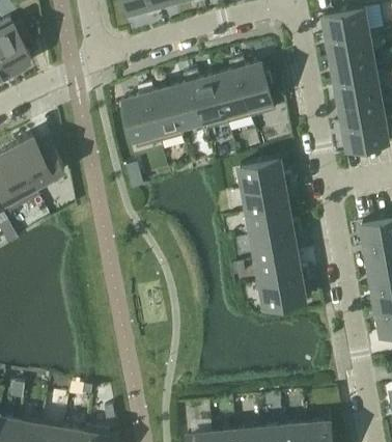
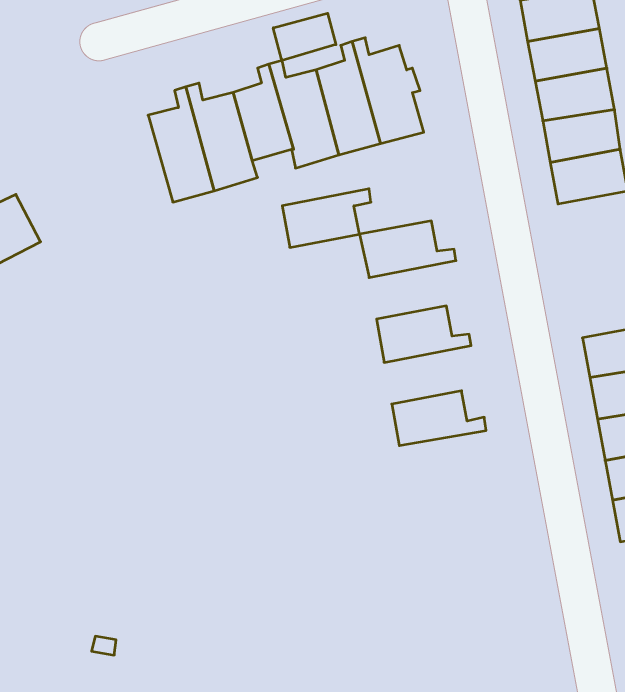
building: none -> [273,13,336,60]
building: [244,181,292,213] -> [282,189,371,247]
building: [252,227,301,259] -> none
building: [260,274,310,307] -> none

